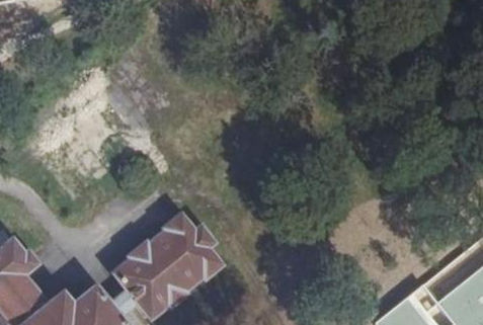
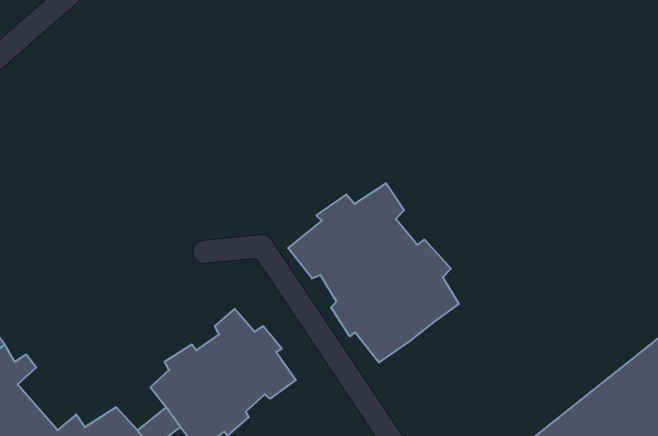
building: none -> [288,183,459,363]

